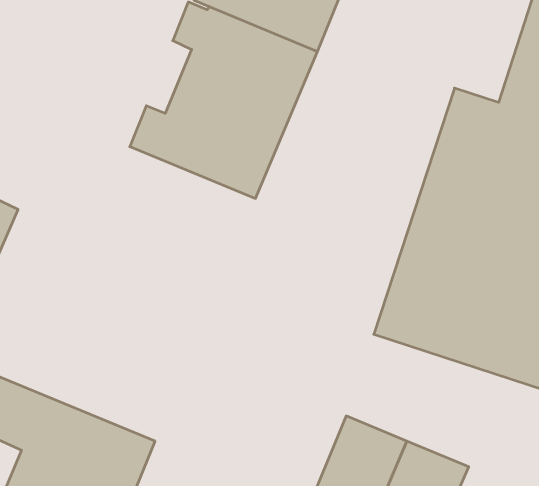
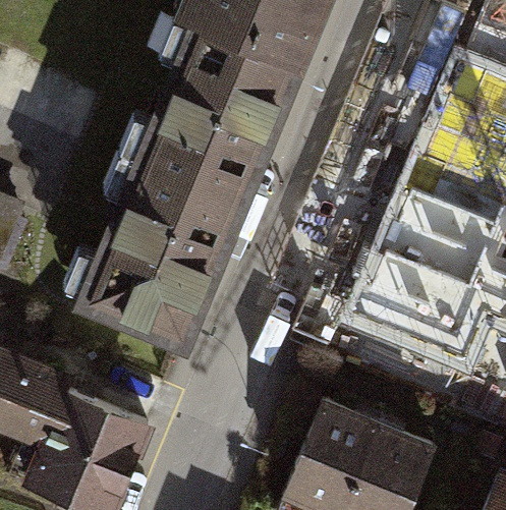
building: none -> [72,153,243,337]

